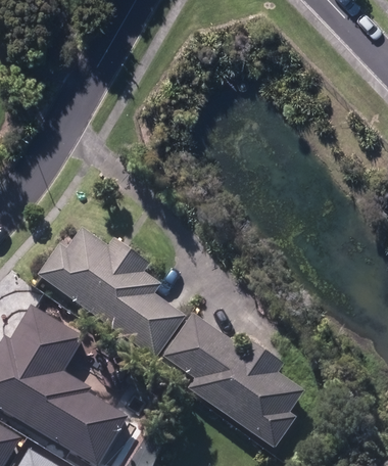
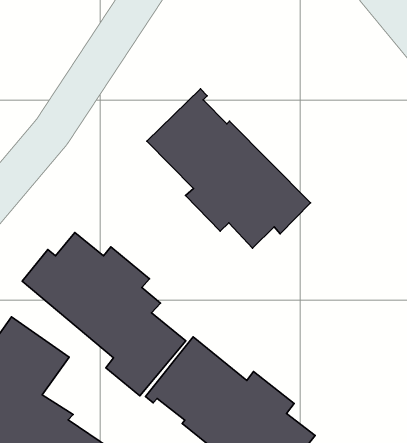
building: none -> [147,89,311,248]

